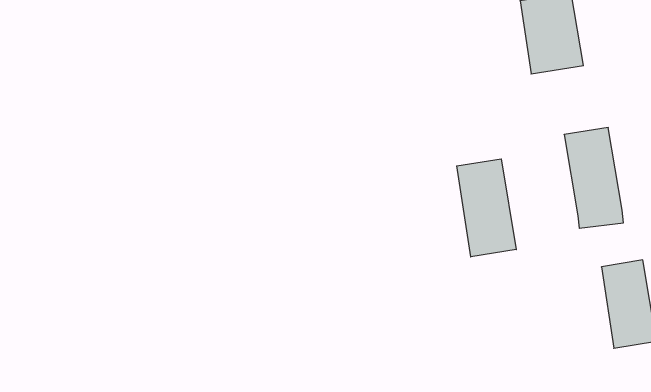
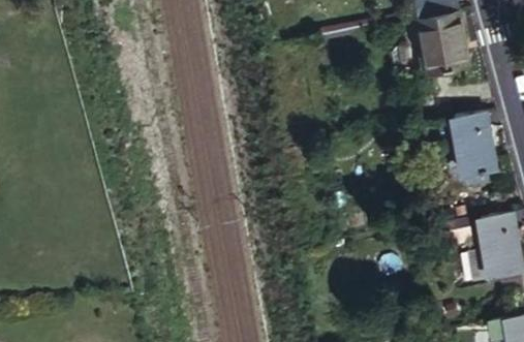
building: [457,159,516,257] -> none

